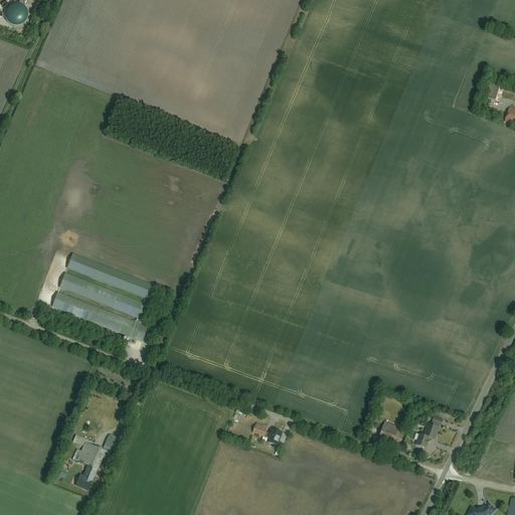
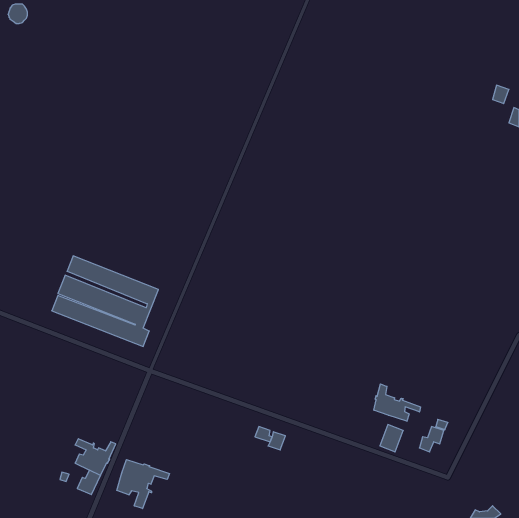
building: none -> [374,384,421,421]
building: none -> [117,460,169,509]

